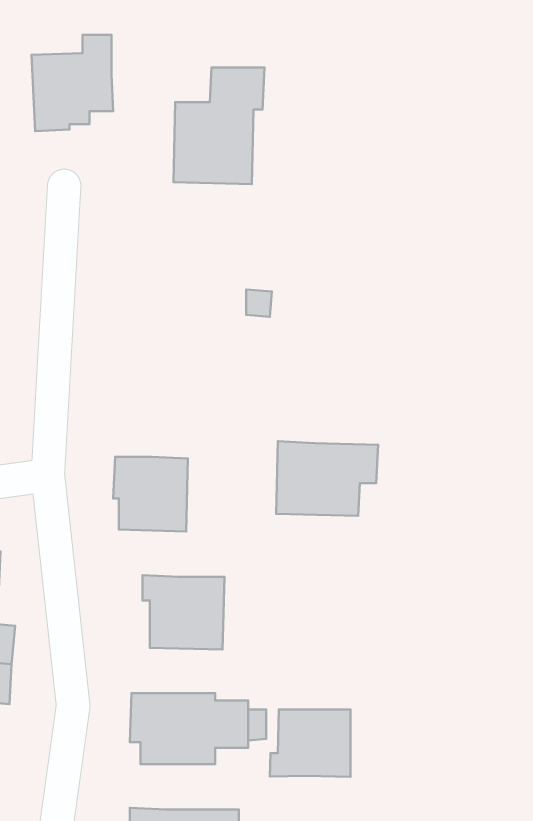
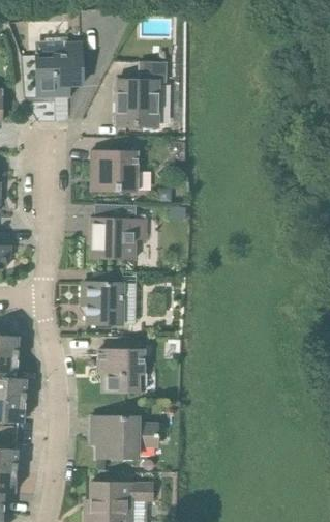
building: none -> [91,150,139,192]
building: [276,441,378,516] -> [89,216,147,259]
building: [270,710,350,777] -> none

